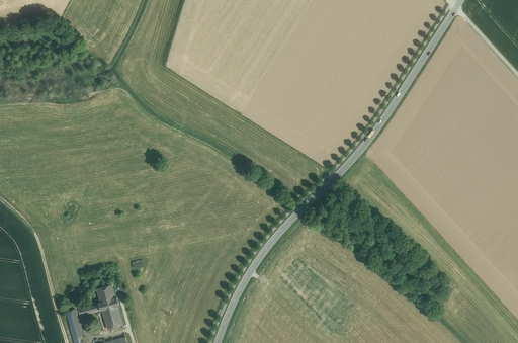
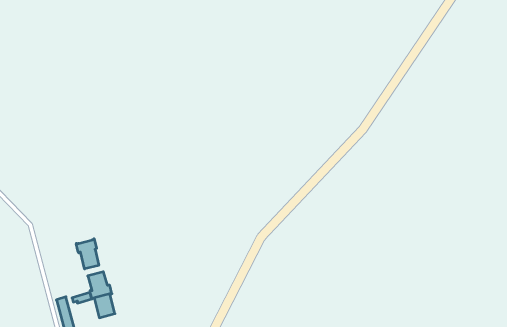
building: none -> [76,239,99,269]

